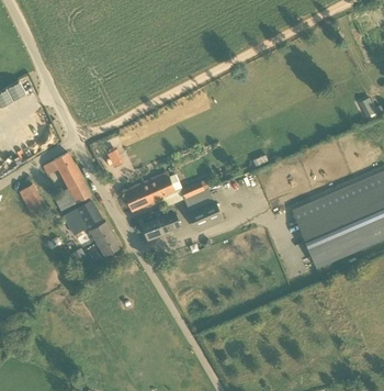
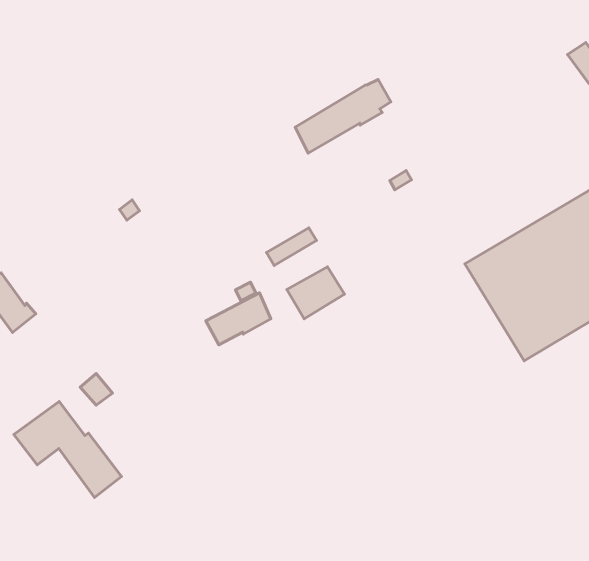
building: [44,153,91,211] -> none
building: [127,175,182,211] -> [295,80,391,153]
building: [64,201,121,257] -> [14,401,121,497]

